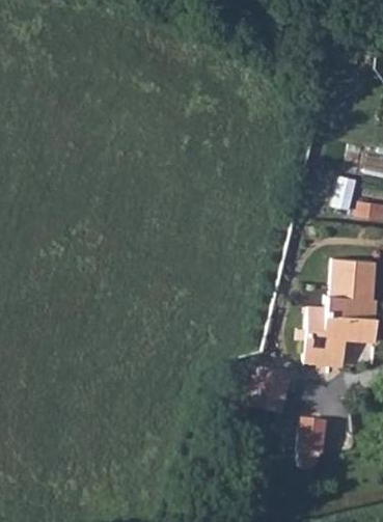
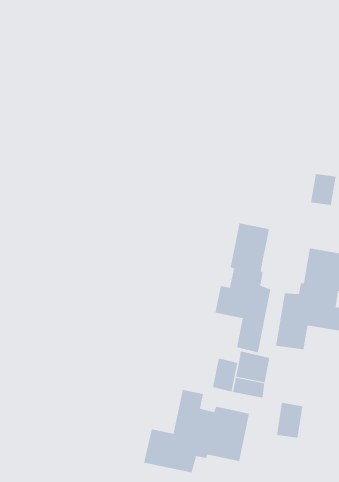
building: none -> [215,223,271,353]
building: none -> [143,389,249,473]

